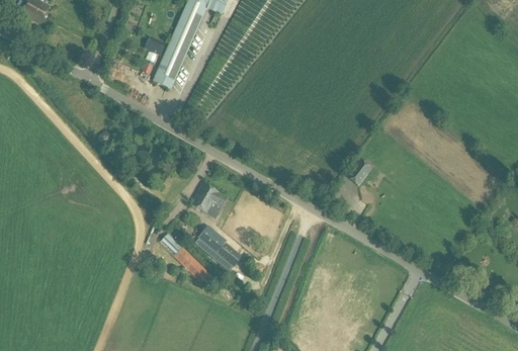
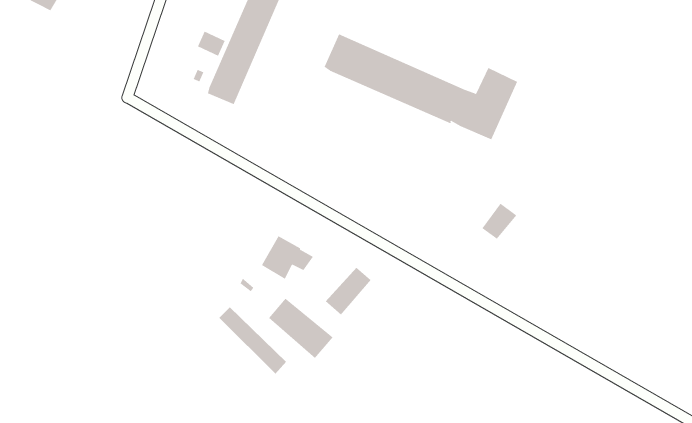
building: none -> [324,34,518,140]
building: none -> [325,267,372,316]

